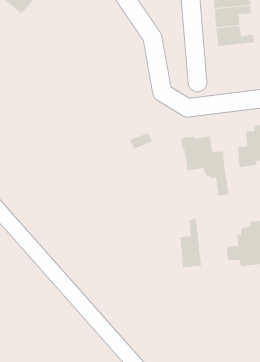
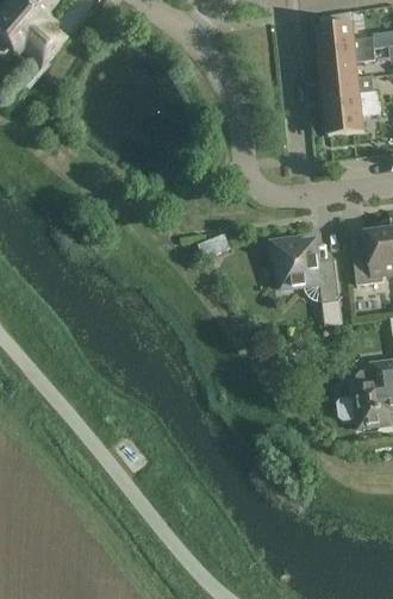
building: none -> [324,101,379,135]
building: [180,218,201,268] -> none

